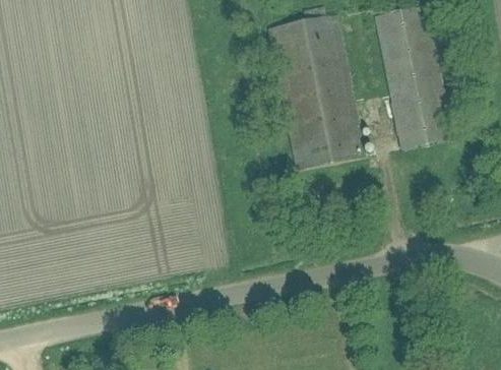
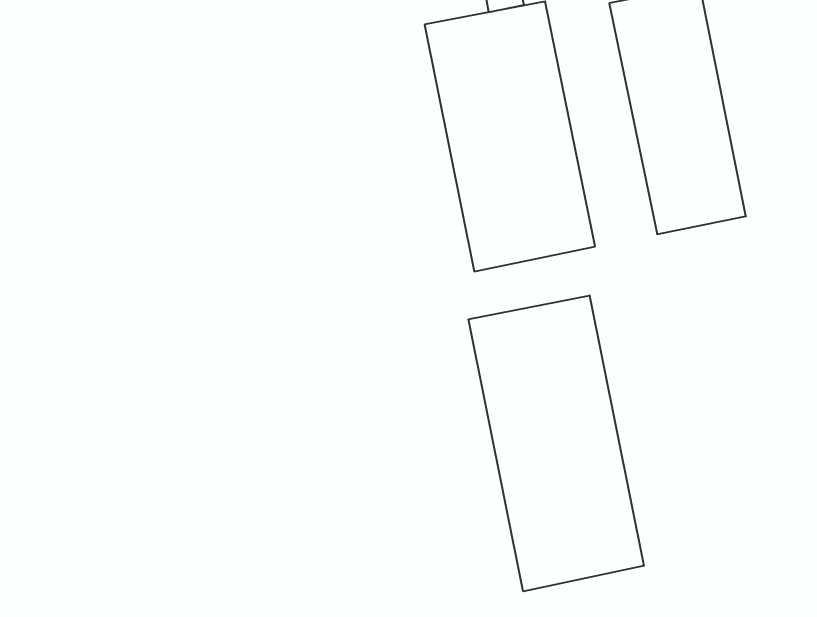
building: none -> [469,295,644,591]

